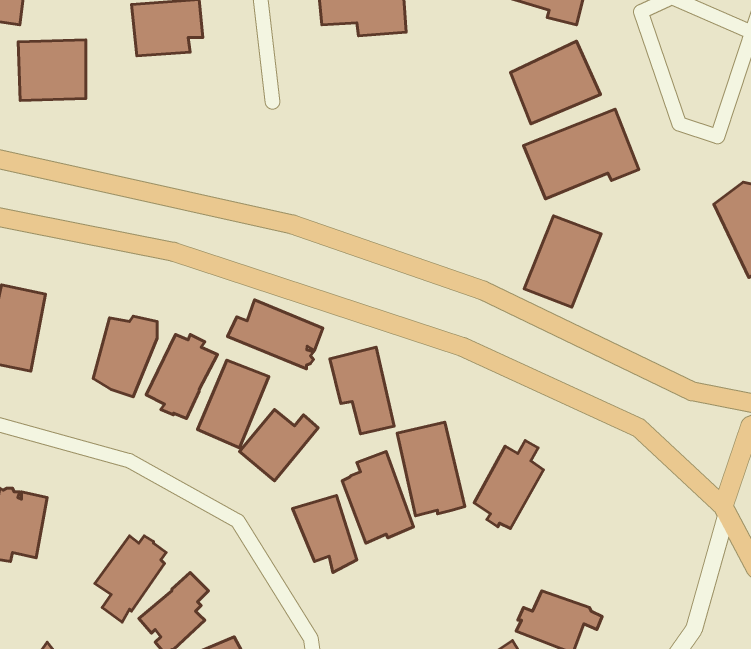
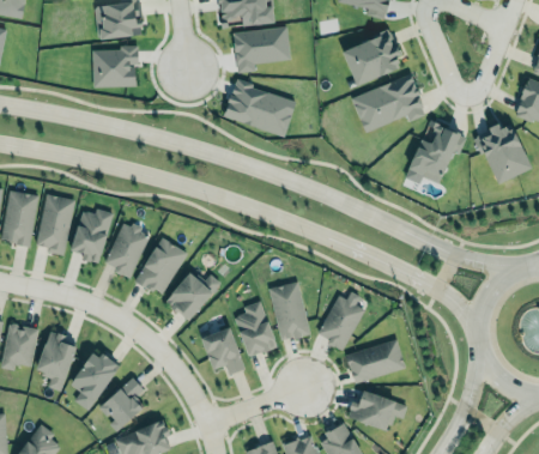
building: none -> [230,26,289,71]
building: [18,40,86,100] -> [92,48,137,87]
building: none -> [223,79,293,137]
building: [524,216,601,307] -> [410,119,460,178]
building: none -> [36,194,72,255]
building: [228,300,323,369] -> none
building: [330,347,394,434] -> none
building: none -> [36,329,77,391]
building: none -> [344,337,407,383]

